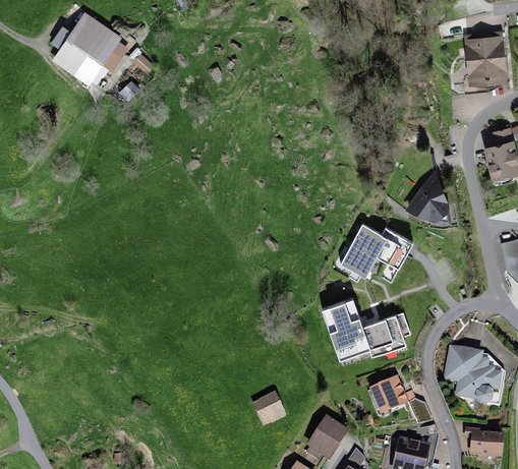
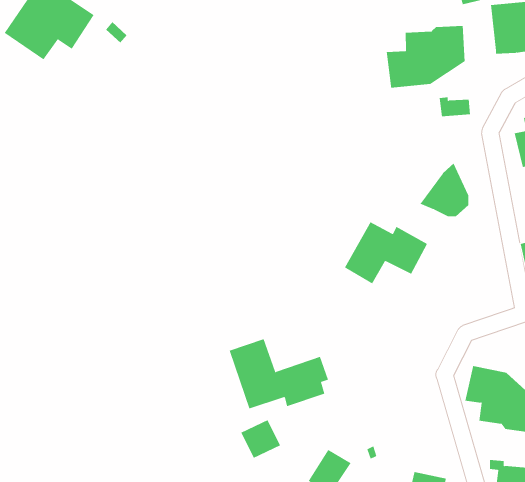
building: none -> [386,25,465,88]
building: [463,74,491,92] -> [439,97,471,117]
building: [323,297,409,358] -> [229,339,329,409]
building: [373,376,408,413] -> none

